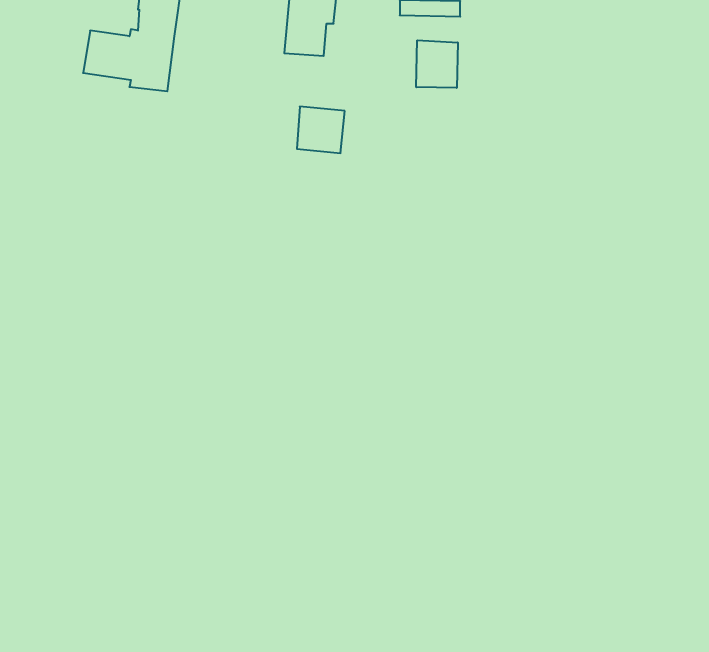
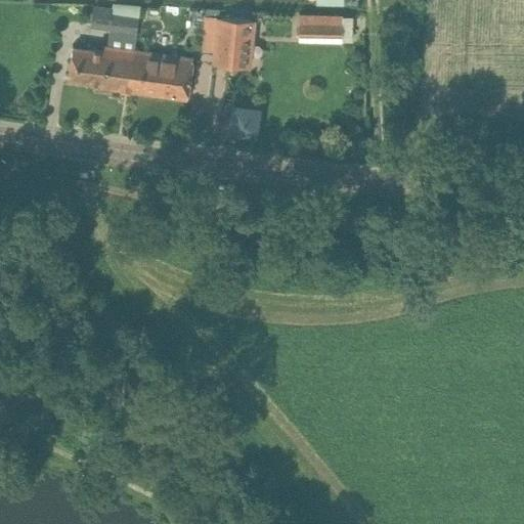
building: none -> [129,53,192,101]
building: [416,40,458,88] -> none

